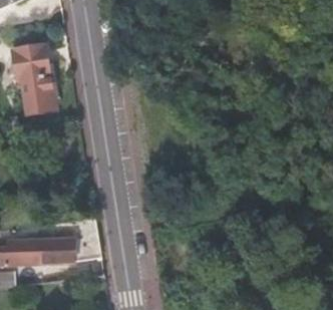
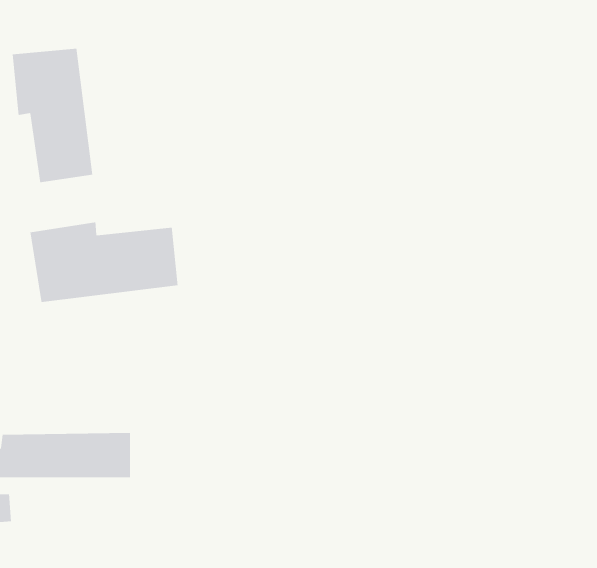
building: none -> [30,222,178,303]

